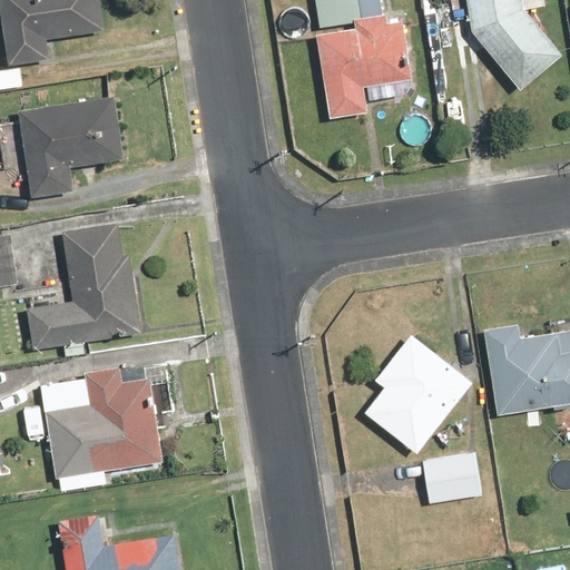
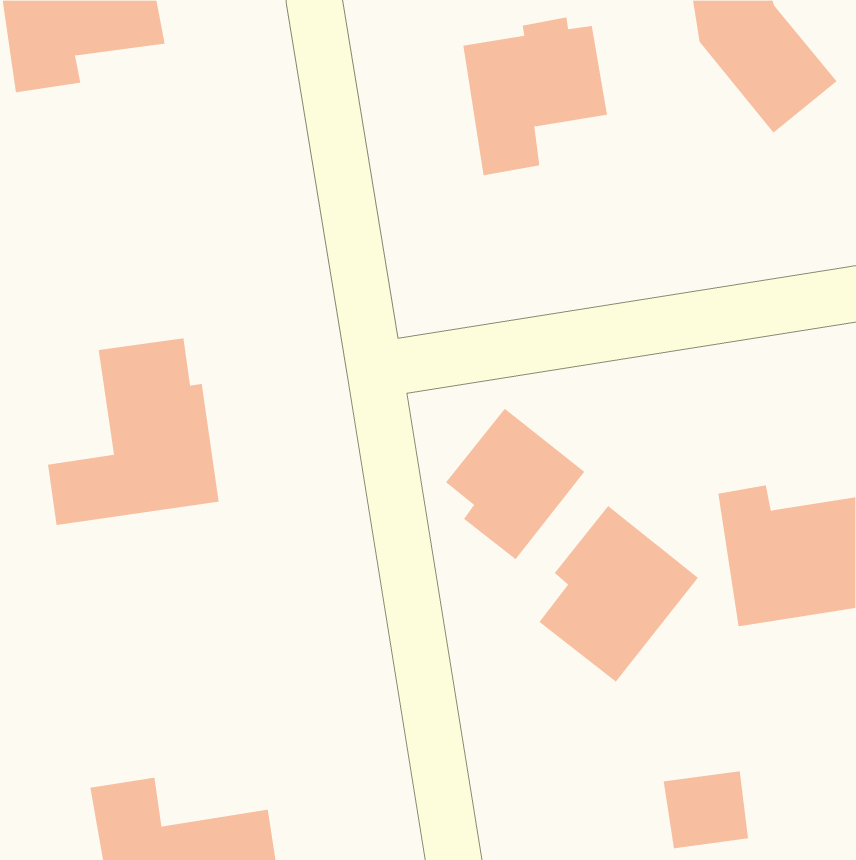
building: [21,97,128,197] -> none
building: none -> [445,408,585,560]
building: [48,366,163,476] -> none
building: [428,452,484,503] -> [663,771,749,849]

